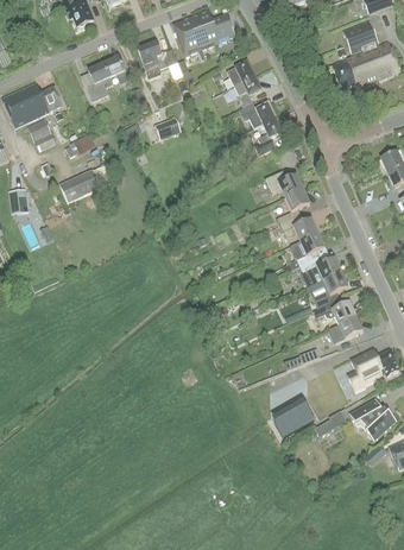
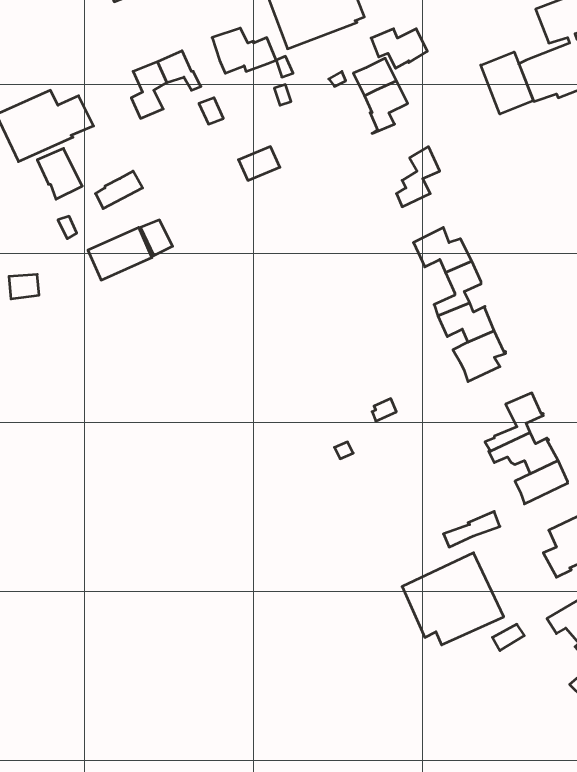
building: none -> [481,52,533,114]
building: [239,102,274,127] -> [371,29,427,68]
building: [299,255,340,286] -> none

